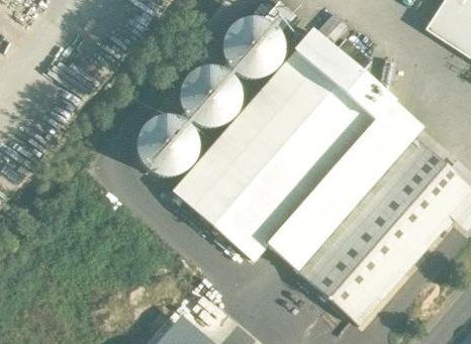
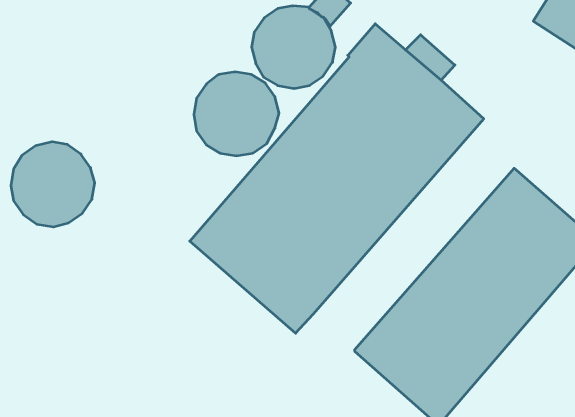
building: [267,101,422,270] -> none
building: [136,115,198,178] -> [11,142,95,227]

